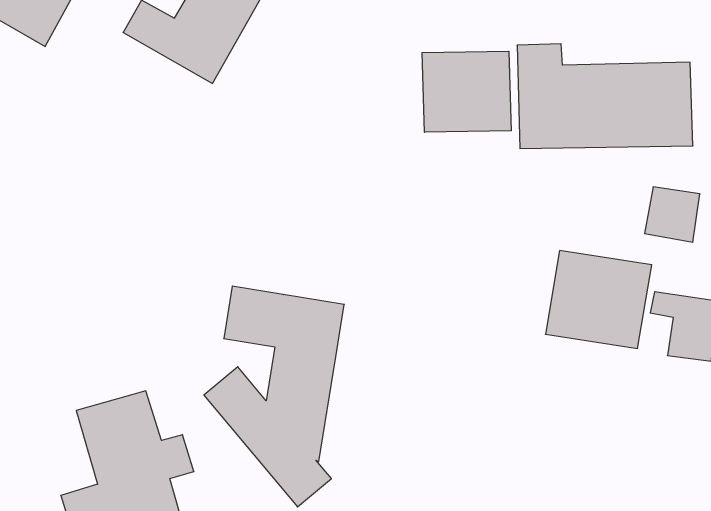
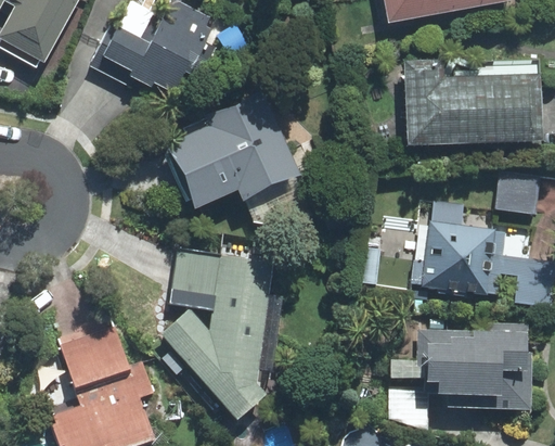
building: [422,51,511,132] -> none
building: none -> [165,97,293,208]
building: none -> [420,329,529,410]

